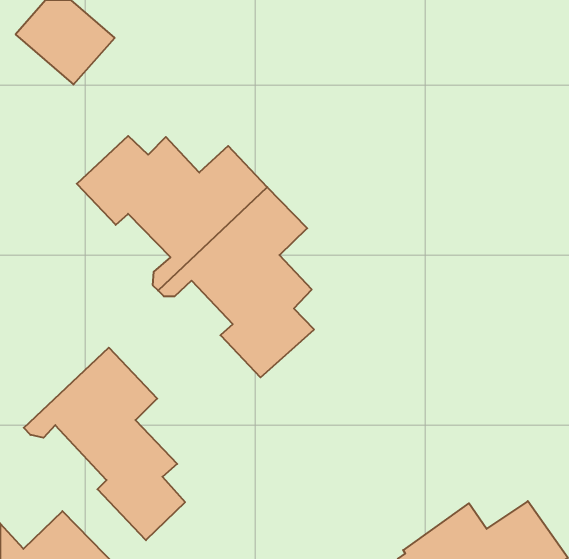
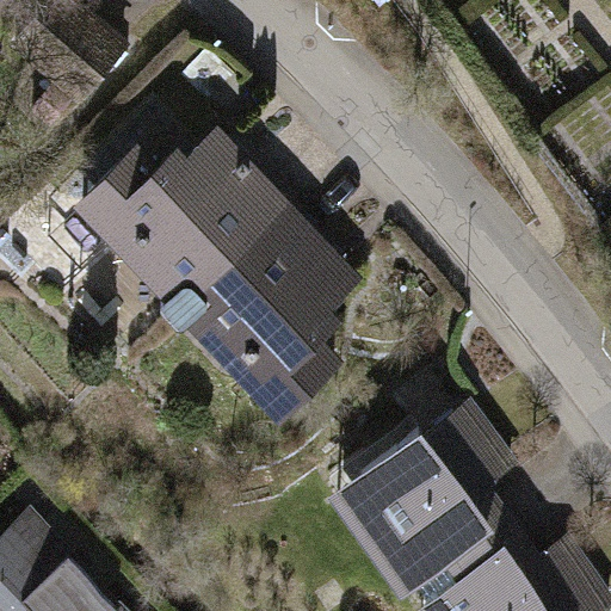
building: [24,348,185,540] -> none
building: none -> [363,409,511,582]

